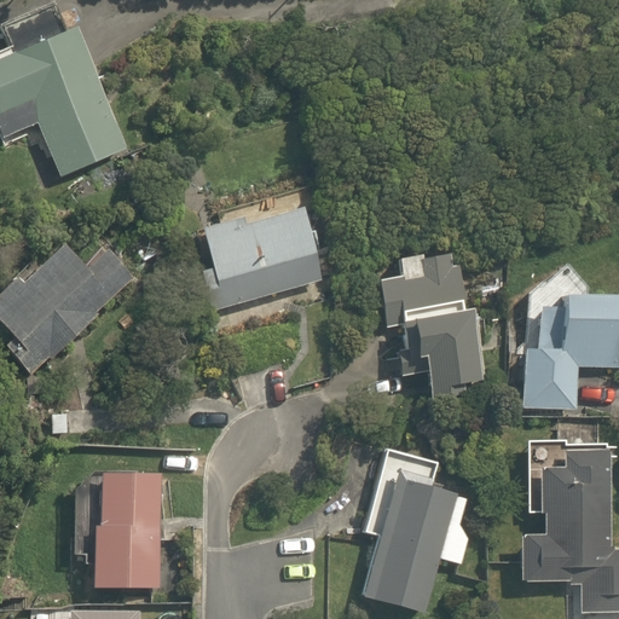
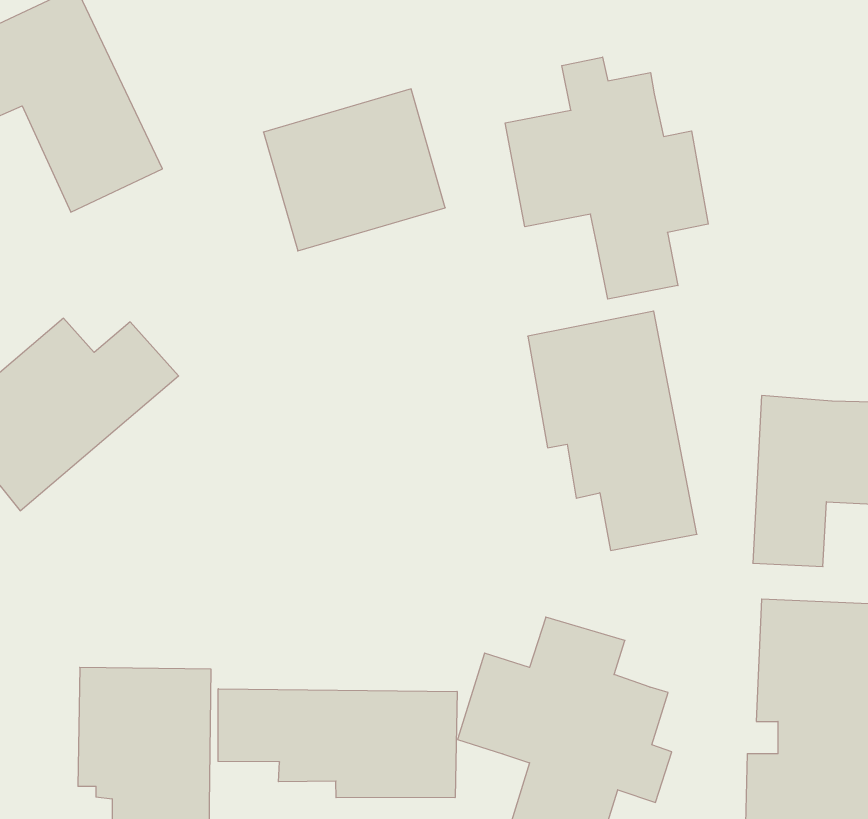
building: none -> [505,57,708,299]
building: [198,206,320,314] -> [263,89,445,251]
building: none -> [218,689,457,798]

